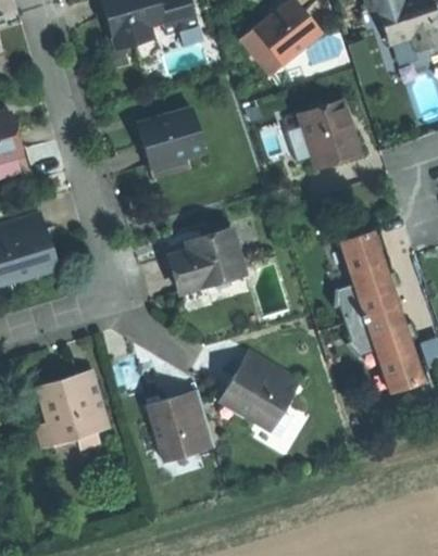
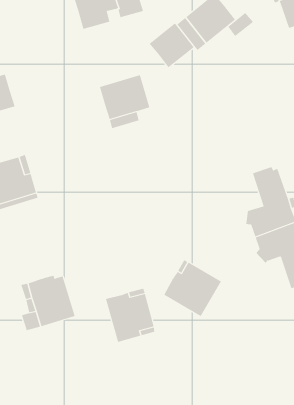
building: none -> [149,23,195,68]
building: [297,103,356,167] -> none
building: [172,230,247,293] -> none

